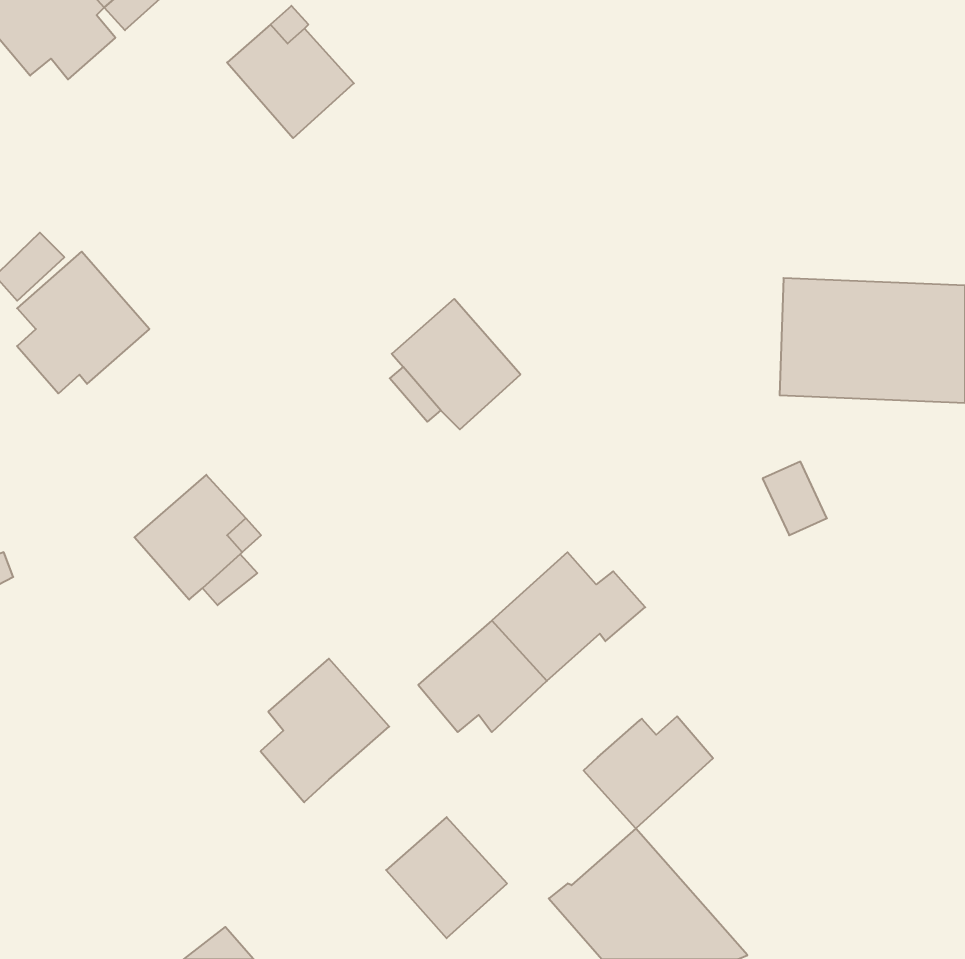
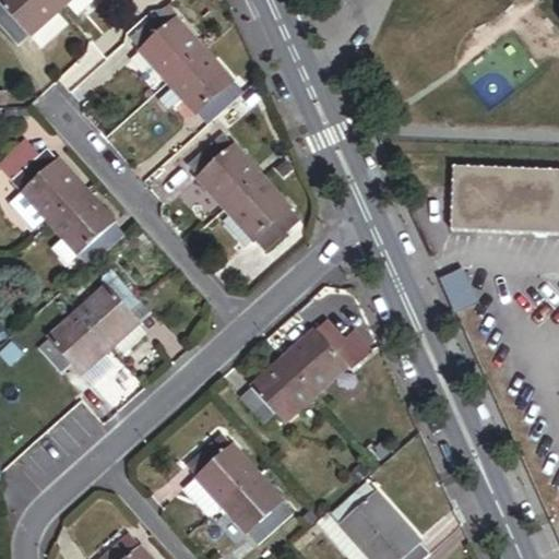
building: none -> [169,48,242,123]
building: none -> [189,130,262,204]
building: none -> [50,190,124,264]
building: none -> [37,310,115,380]
building: [261,659,389,802] -> [183,432,258,515]
building: [584,716,713,828] -> none

